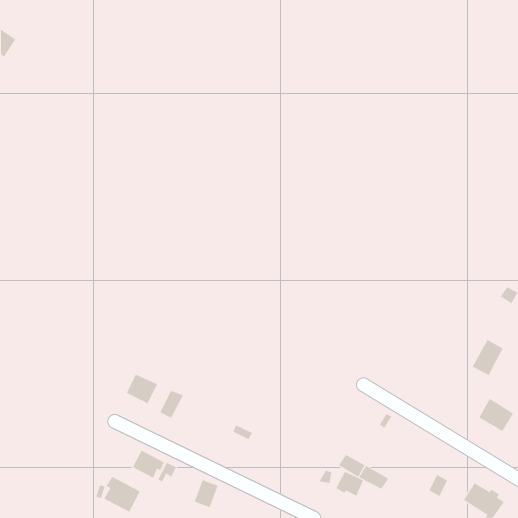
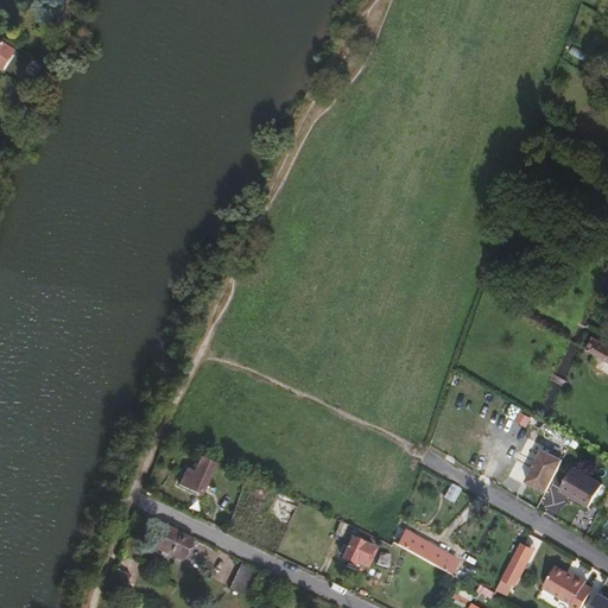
building: [472,339,503,376] -> [526,446,563,489]
building: [126,374,158,404] -> none
building: [335,471,364,496] -> [341,536,374,565]
building: [103,476,140,512] -> none

